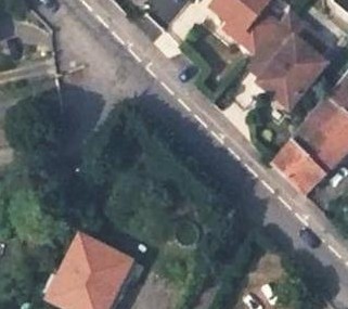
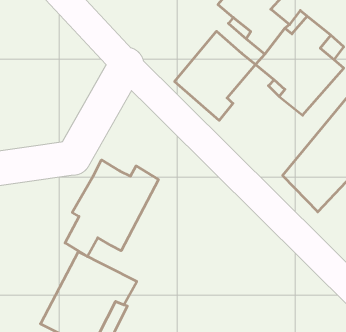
building: none -> [175,31,256,120]
building: none -> [65,160,158,257]

